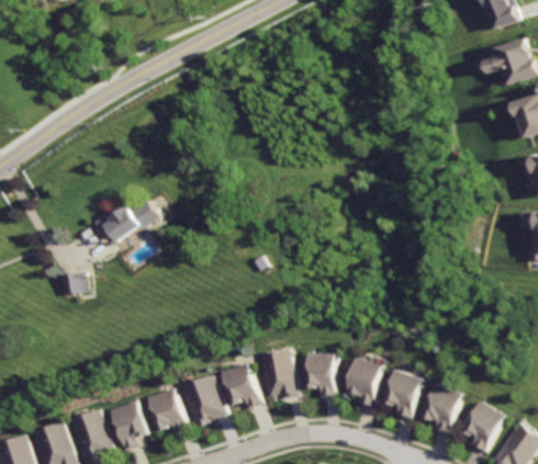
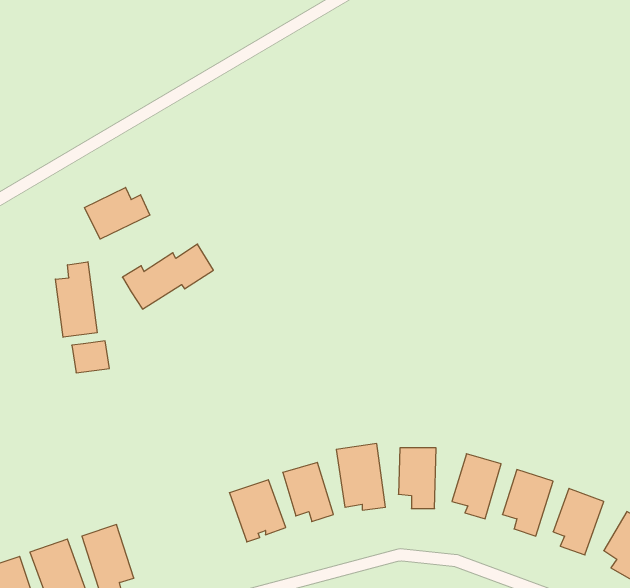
building: none -> [84,187,150,239]
building: none -> [55,262,97,337]
building: [142,389,181,433] -> none
building: [103,400,141,452] -> none

